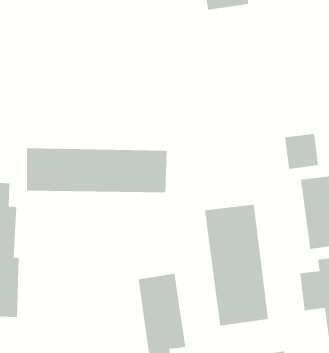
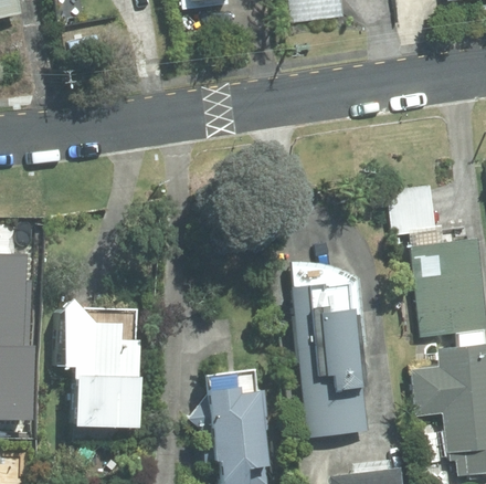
building: [26,148,167,193] -> none
building: none -> [54,306,140,429]

